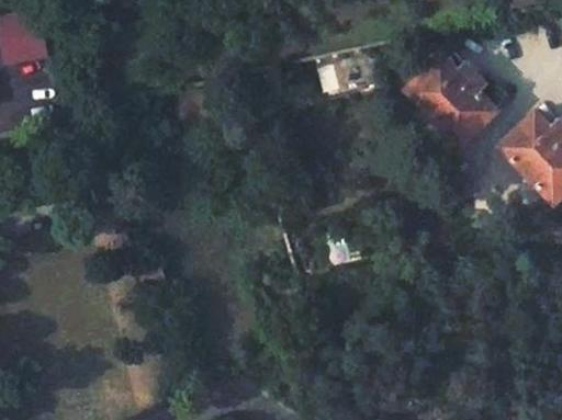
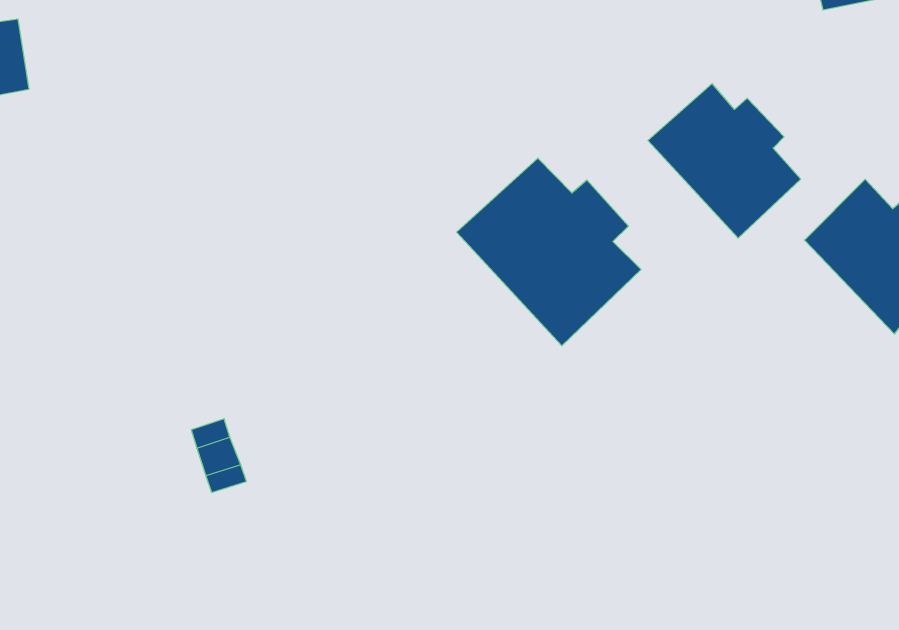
building: none -> [457,158,641,346]

